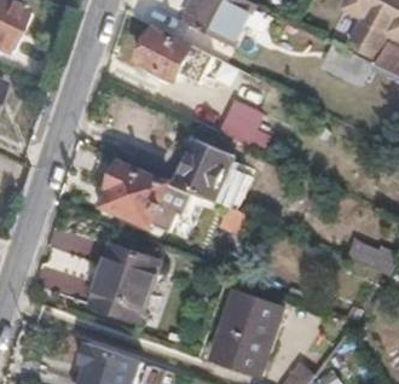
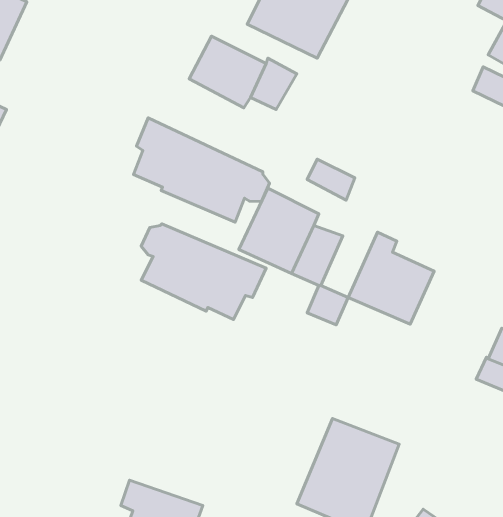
building: none -> [134,118,269,222]
building: none -> [348,232,434,324]
building: [93,244,161,321] -> none

